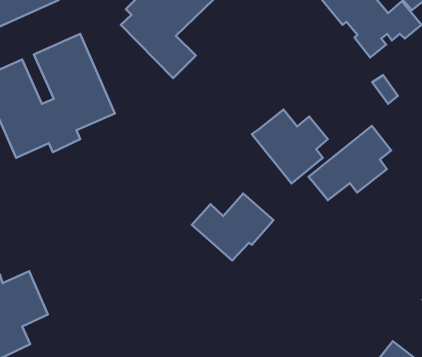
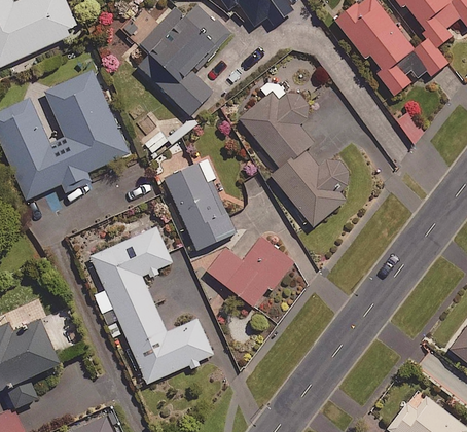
building: none -> [239,92,313,169]
building: none -> [164,158,235,250]
building: [308,126,391,200] -> none
building: none -> [89,227,212,384]

